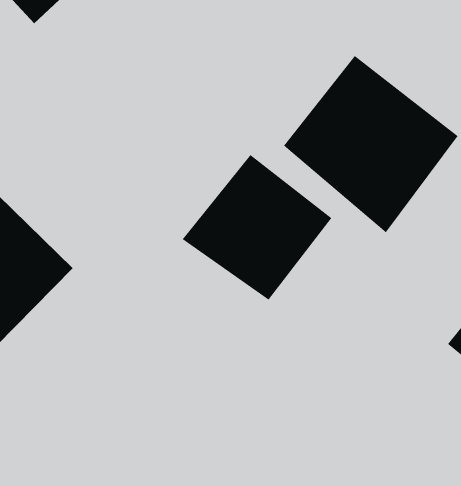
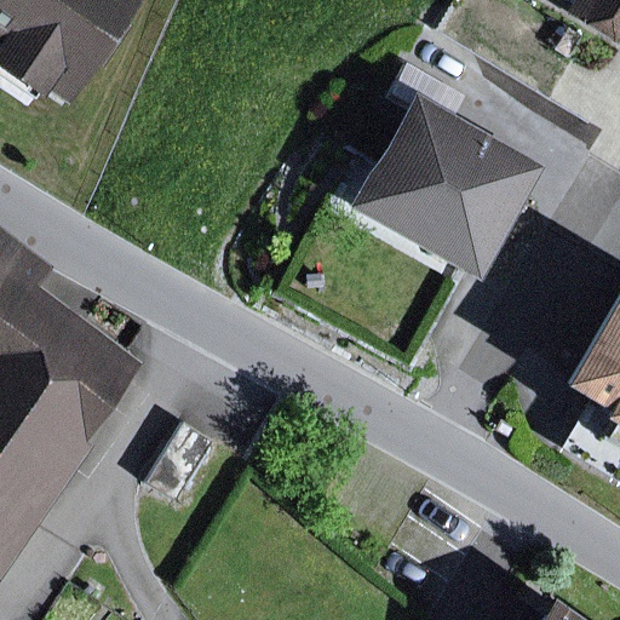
building: [182,154,332,300] -> none

